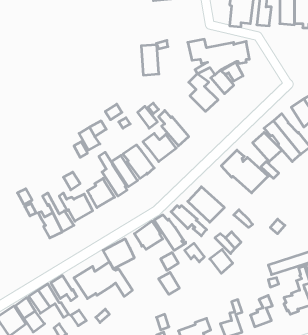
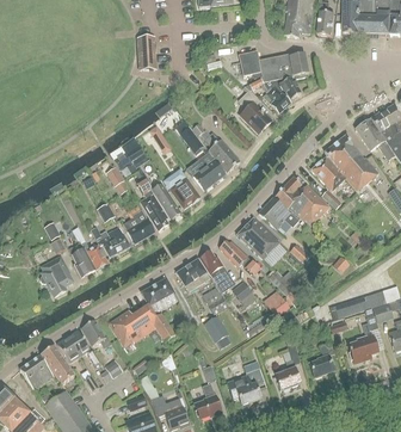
building: [141,45,159,75] -> [136,36,156,70]
building: none -> [259,197,298,229]
building: none -> [41,255,73,296]

